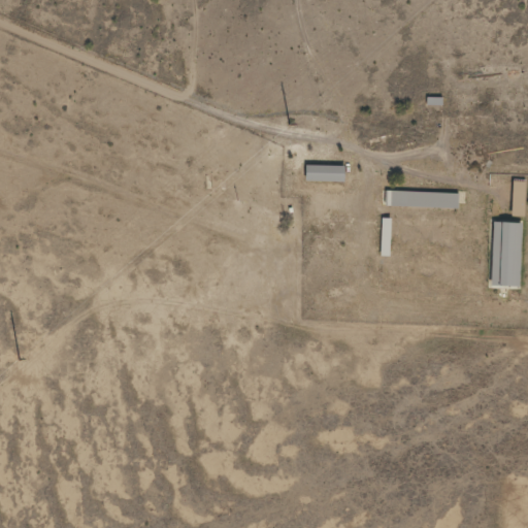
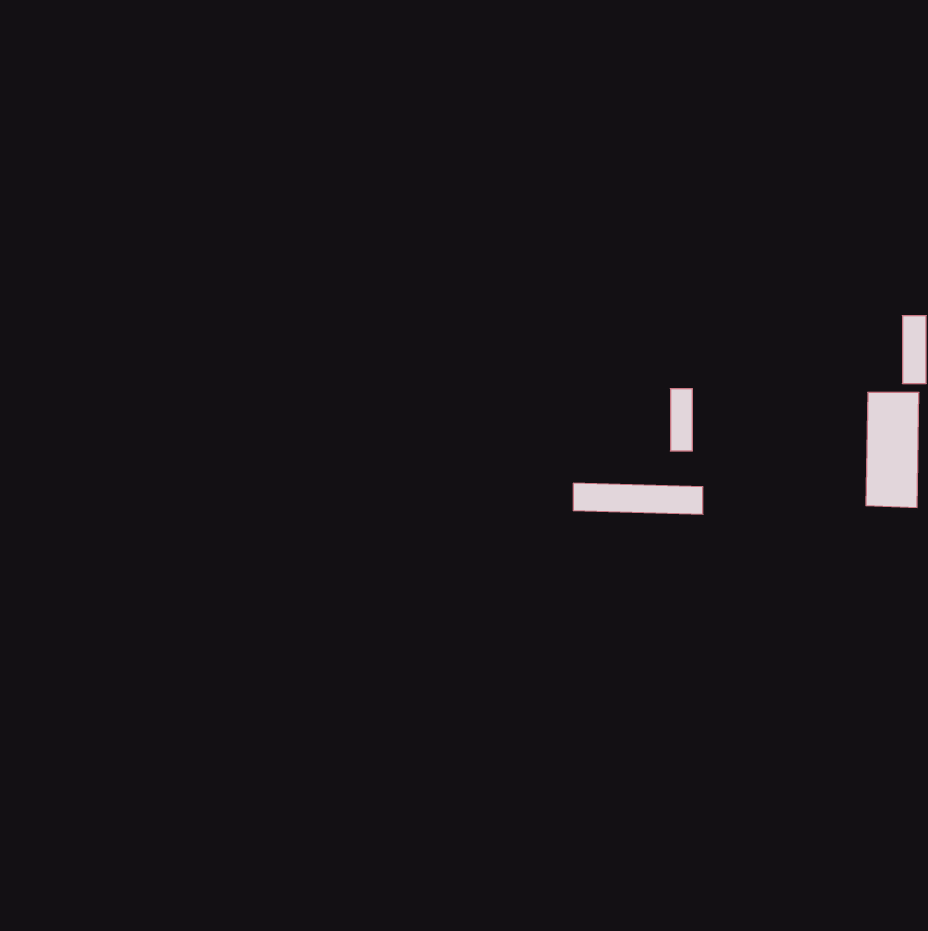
building: [305,165,344,180] -> none
building: [386,190,459,207] -> [573,483,703,514]

